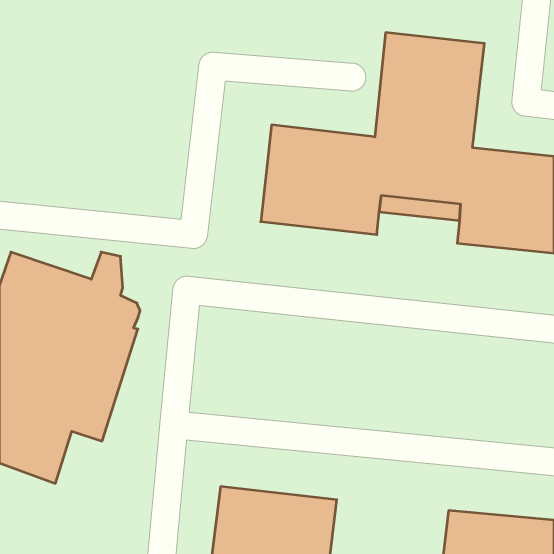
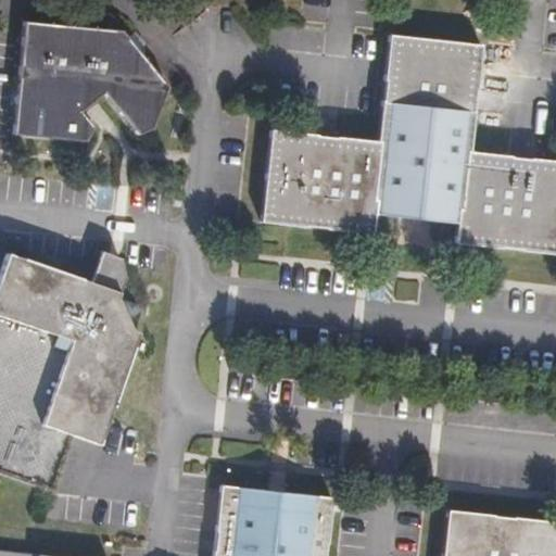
building: none -> [17,23,168,140]

